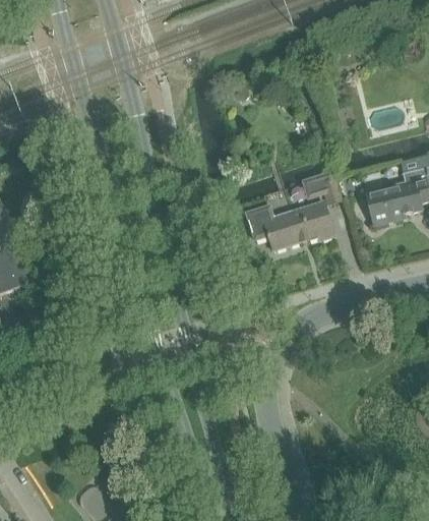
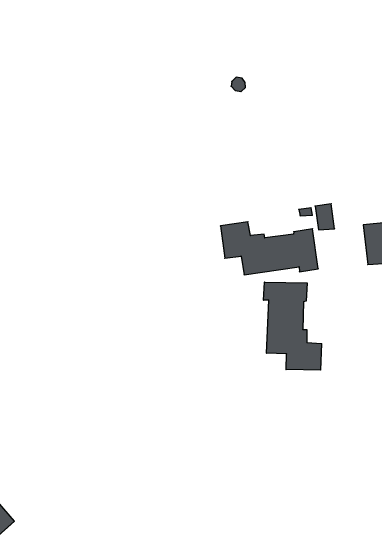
building: none -> [264,282,322,370]

